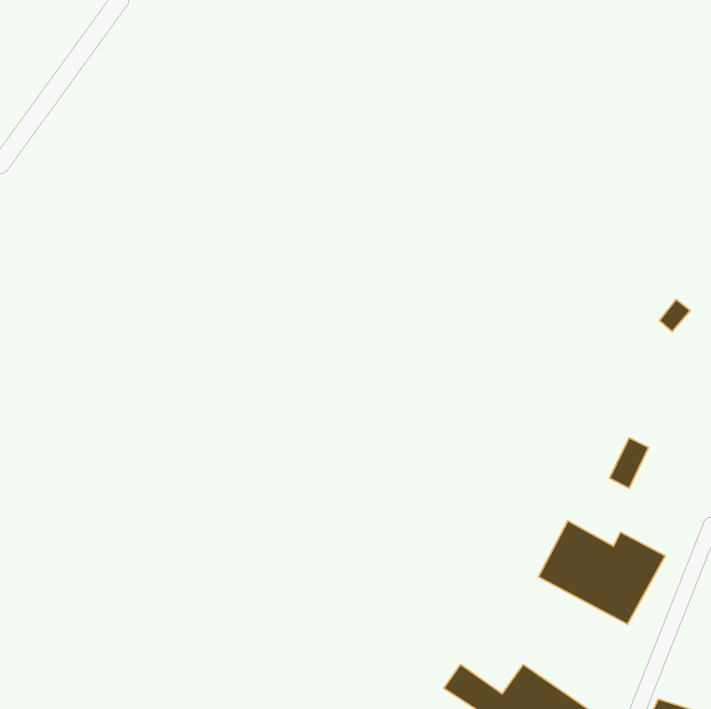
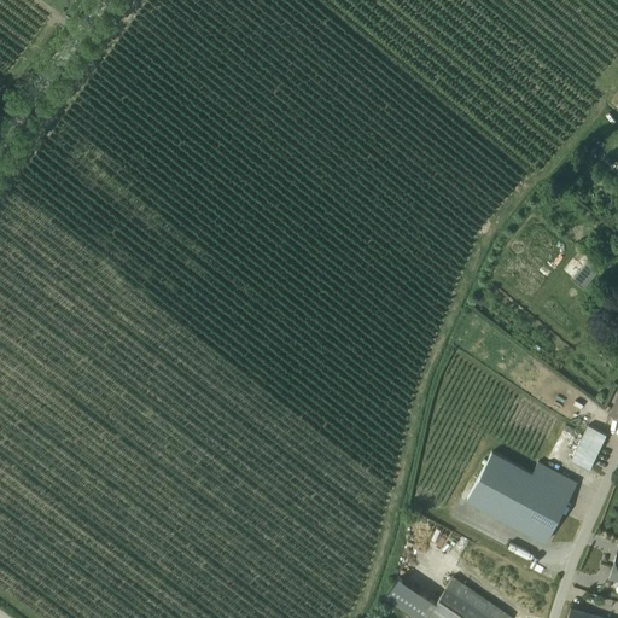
building: [610,438,648,488] -> [572,428,606,472]

